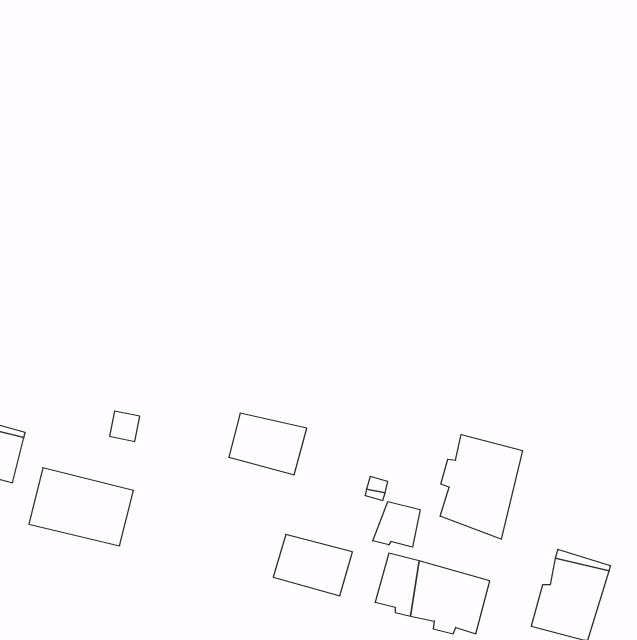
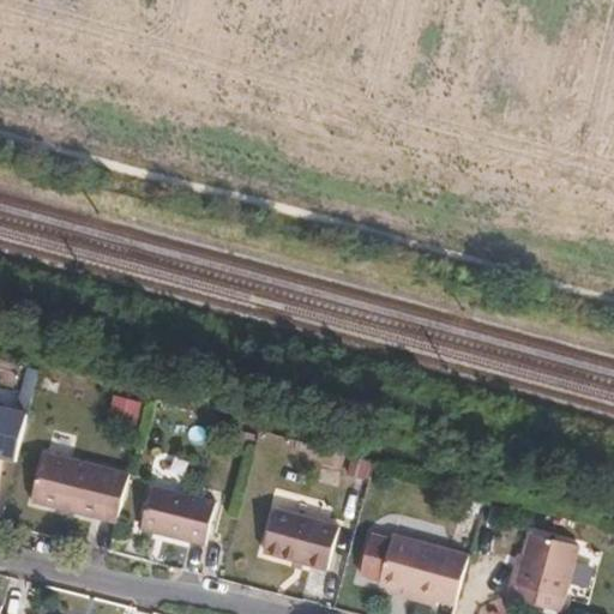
building: [229,413,307,475] -> [139,486,213,544]
building: [440,435,522,539] -> none
building: [373,502,420,547] -> none

